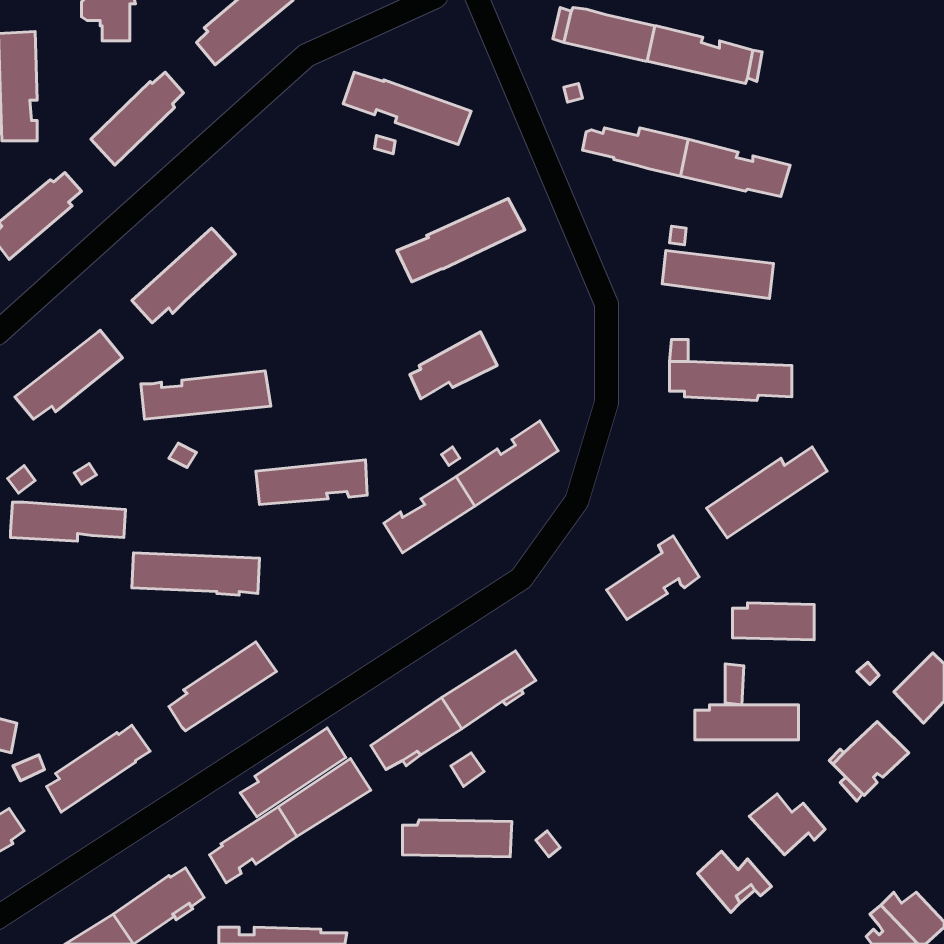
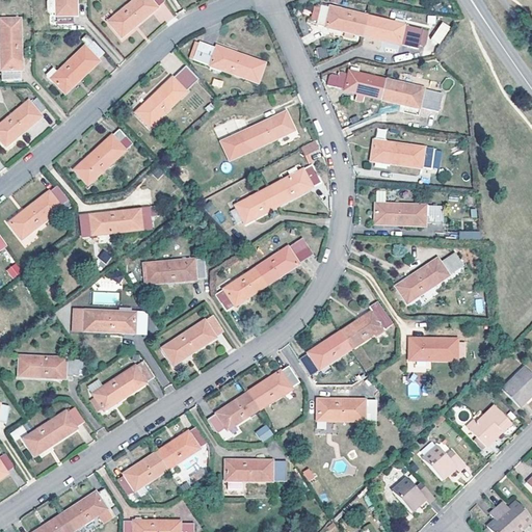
building: none -> [135,64,198,124]
building: none -> [269,163,321,205]
building: [11,502,126,541] -> [19,355,83,377]
building: none -> [298,330,351,375]
building: [695,705,799,740] -> [318,399,376,419]
building: [240,728,346,817] -> [164,314,223,364]

